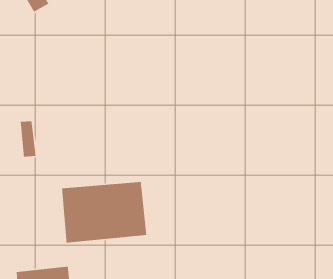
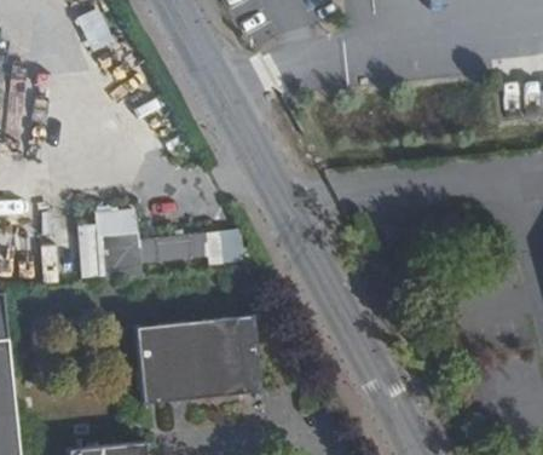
building: none -> [96,223,225,269]

